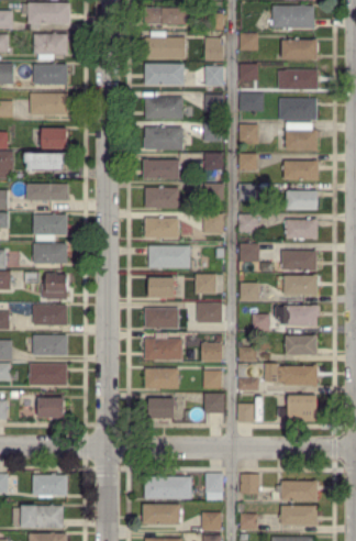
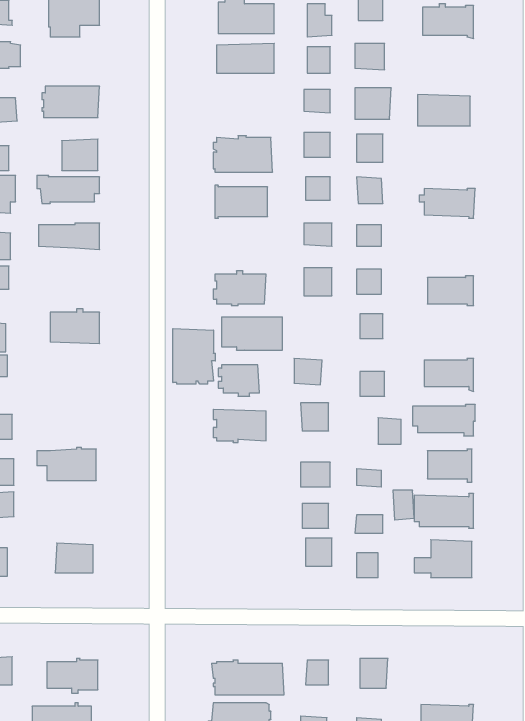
building: [33,64,67,89] -> none
building: [283,68,318,89] -> none
building: [147,97,183,120] -> none
building: [282,123,316,151] -> none
building: [145,186,179,209] -> none
building: [287,190,316,210] -> none
building: [33,212,67,234] -> none
building: [283,249,318,270] -> none
building: none -> [173,329,215,384]
building: [41,273,73,298] -> none
building: [34,303,67,324] -> none
building: [145,333,181,358] -> none
building: [30,364,67,384] -> none
building: [146,366,178,388] -> none
building: [147,398,175,421] -> none
building: [276,479,318,500] -> none

